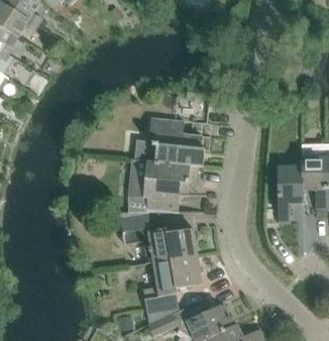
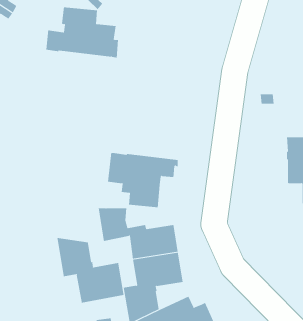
building: [133,117,204,166] -> [45,7,119,58]
building: [277,165,303,221] -> none
building: none -> [57,237,124,303]

